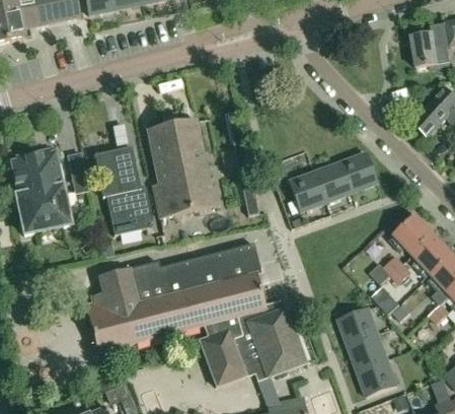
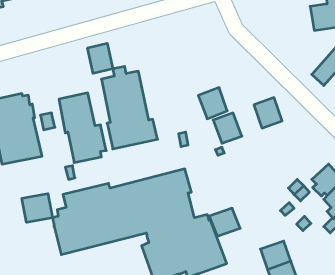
building: none -> [88,43,113,73]
building: [314,161,351,201] -> [198,88,227,119]
building: [391,216,435,256] -> none
building: none -> [22,194,52,222]
building: [338,308,378,344] -> [209,208,240,236]

